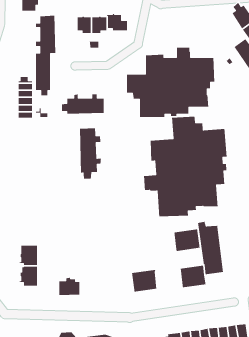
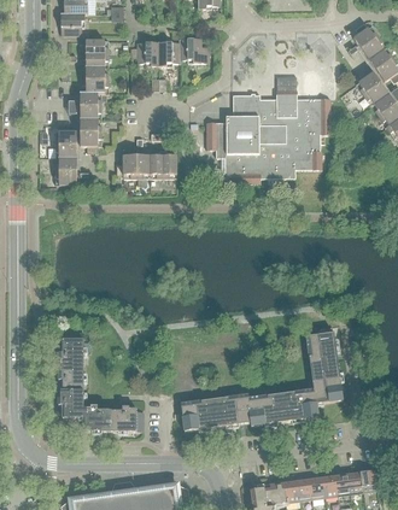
building: [143,116,227,217] -> none
building: [79,127,102,179] -> none
building: none -> [55,332,83,360]
building: [174,228,200,252] -> [247,393,285,426]
building: none -> [181,399,217,430]
building: none -> [83,406,112,432]

